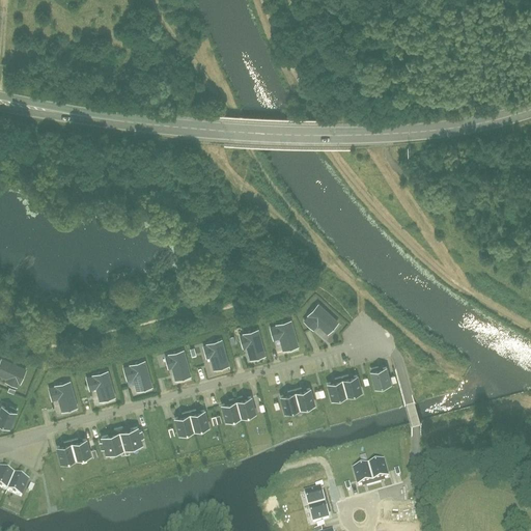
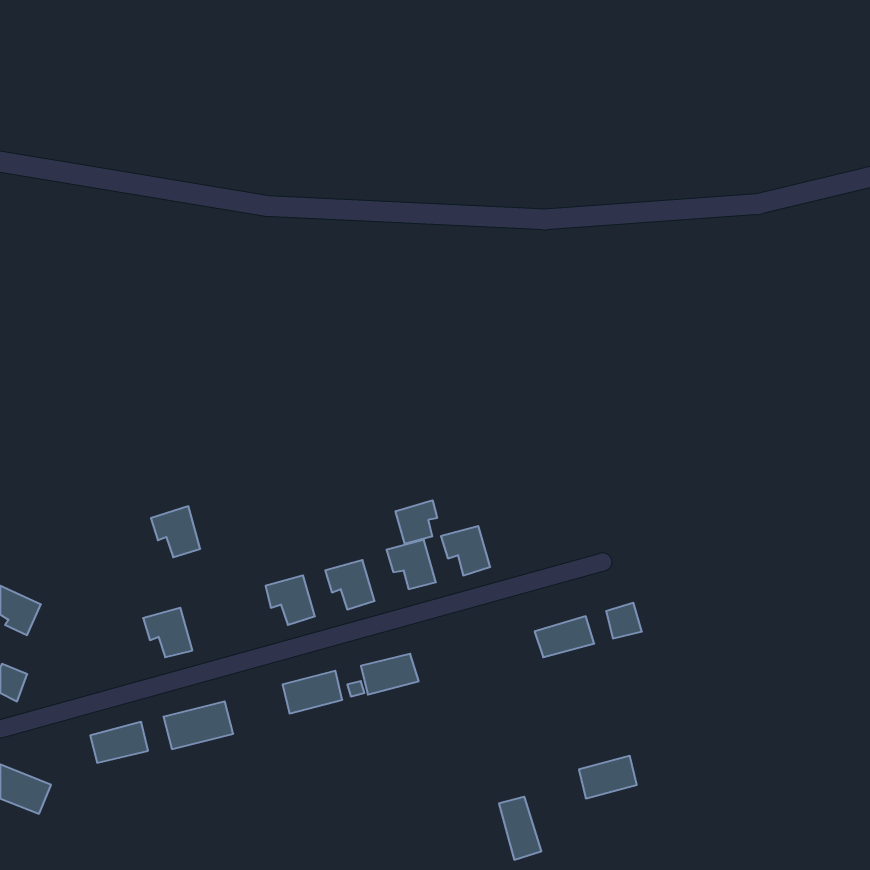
building: none -> [396,500,437,544]
building: [303,305,338,335] -> none
building: [124,359,155,390] -> [151,506,200,557]
building: [48,381,78,411] -> none
building: [279,389,316,416] -> none

